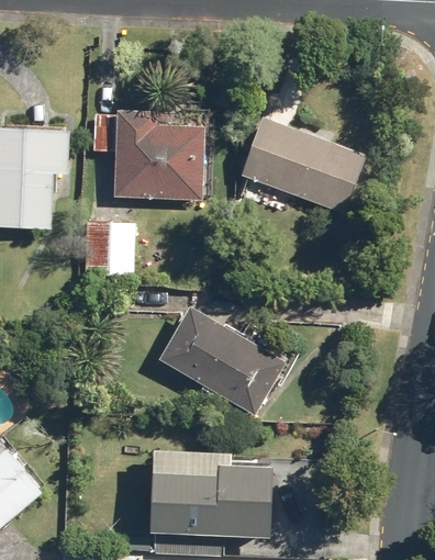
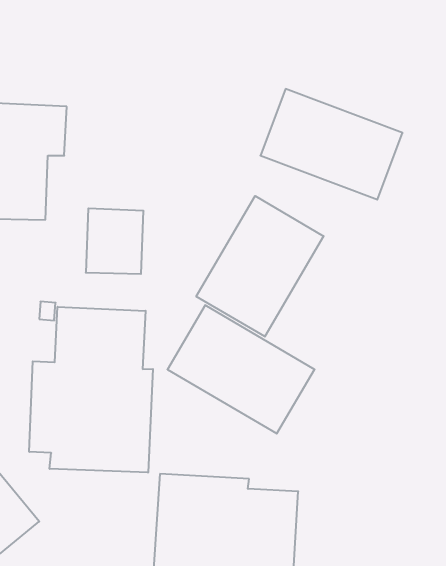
building: [91,107,205,199] -> none
building: none -> [196,196,324,337]
building: none -> [29,307,153,473]

